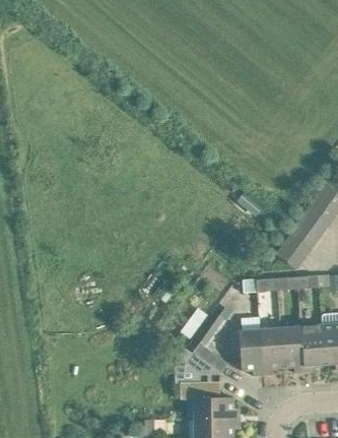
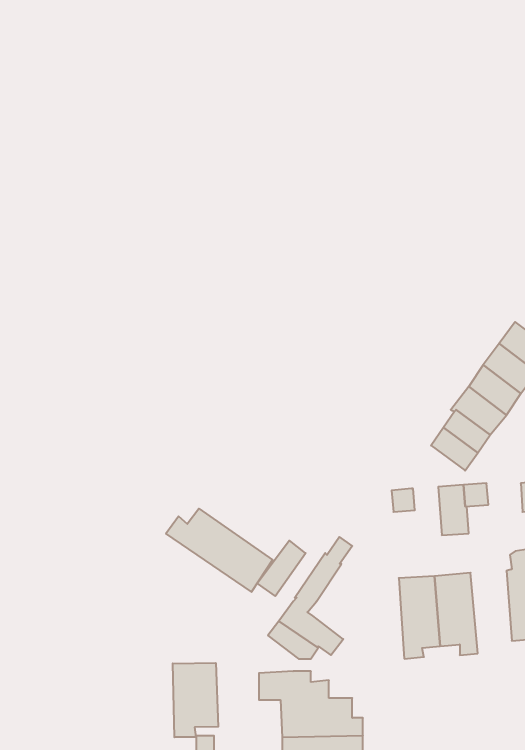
building: none -> [166,509,273,592]
building: [300,325,324,372] -> none
building: [239,329,263,376] -> none
building: none -> [173,663,218,737]

